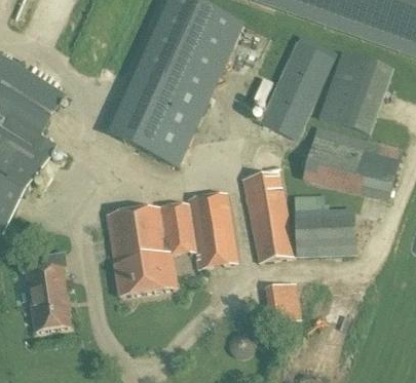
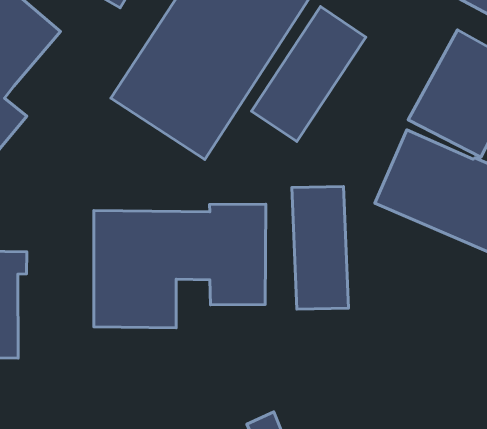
building: [261,41,333,138] -> [251,7,366,142]
building: [294,206,356,257] -> none
building: [264,280,301,323] -> none

